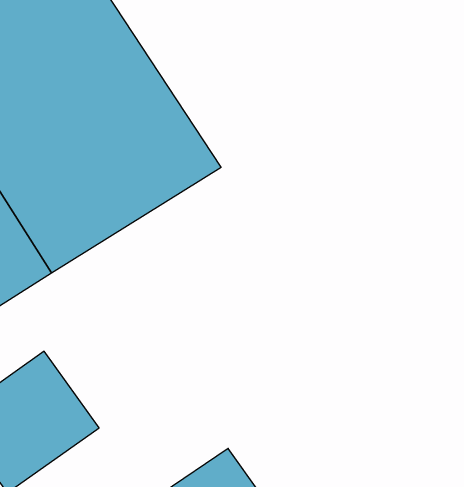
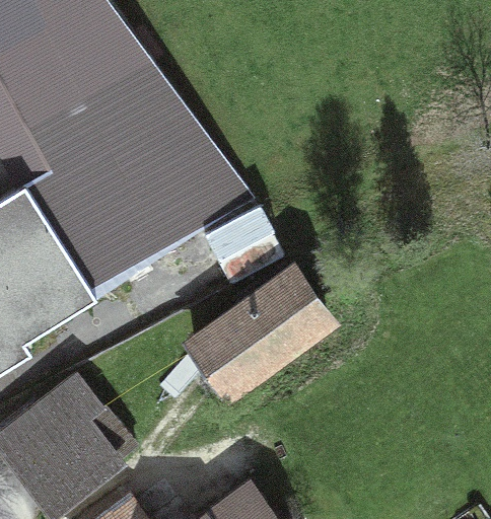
building: none -> [171,262,330,407]

